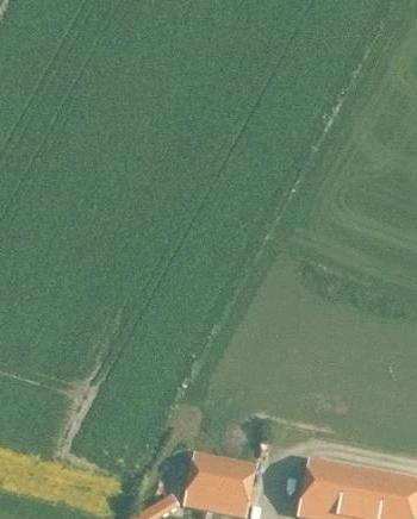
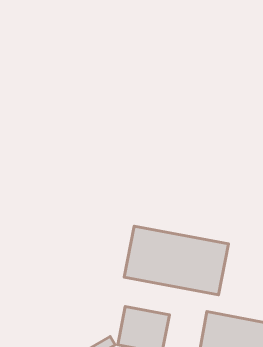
building: none -> [124,226,229,295]

